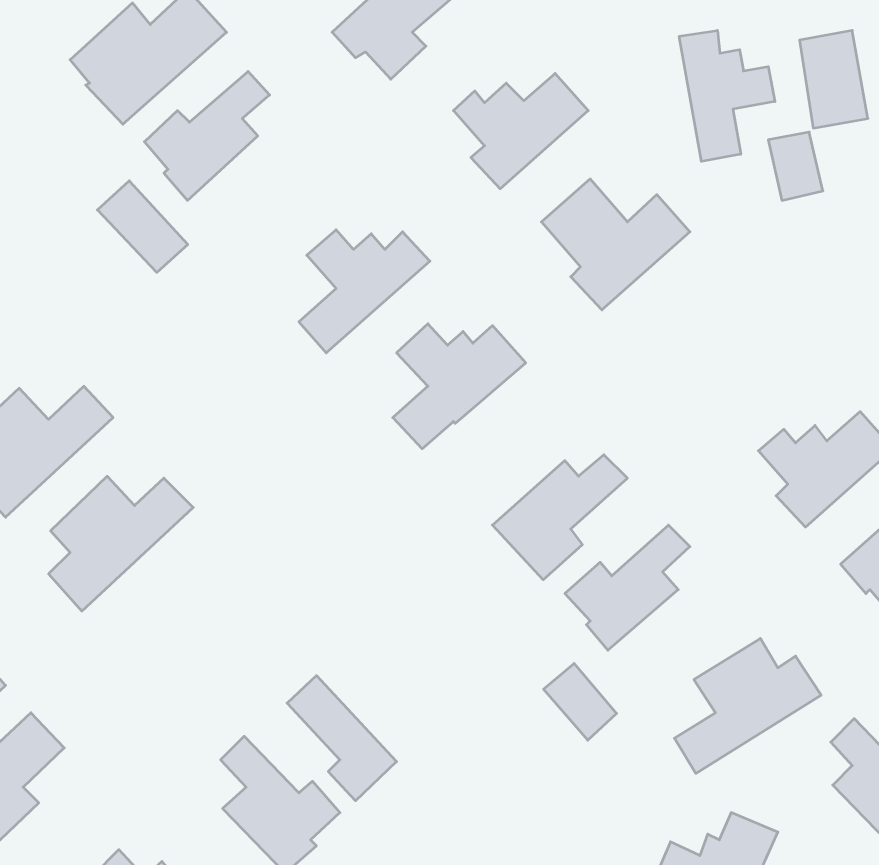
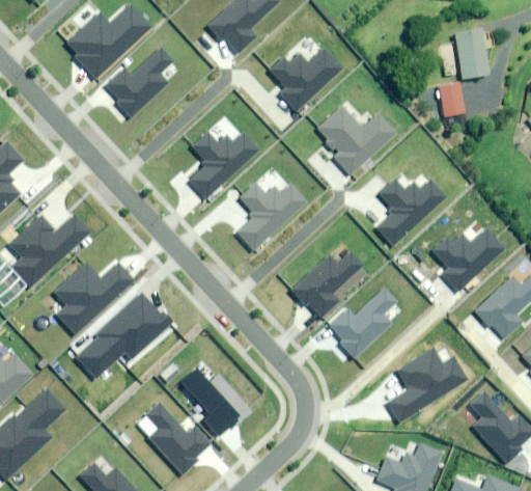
building: [679,30,775,161] -> none
building: [97,181,188,272] -> none
building: none -> [374,179,446,245]
building: none -> [76,292,171,377]
building: [544,663,617,740] -> none

